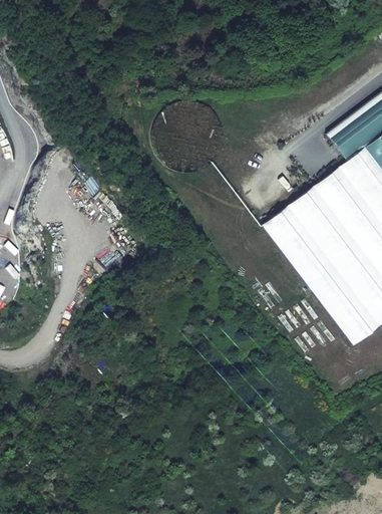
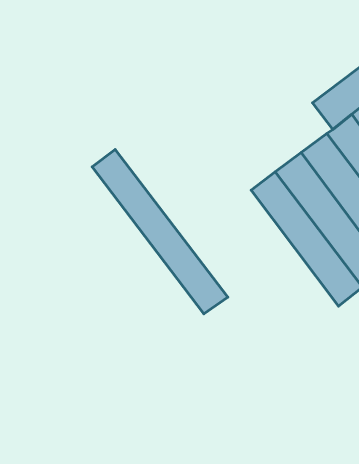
building: none -> [92,150,228,314]

